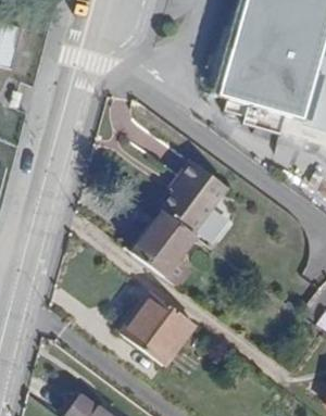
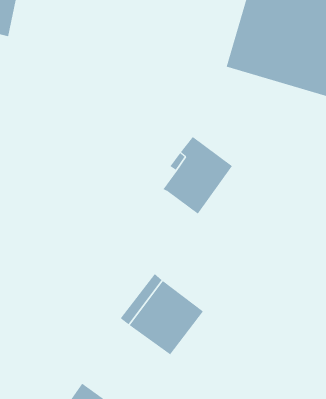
building: [133,212,196,285] -> none

